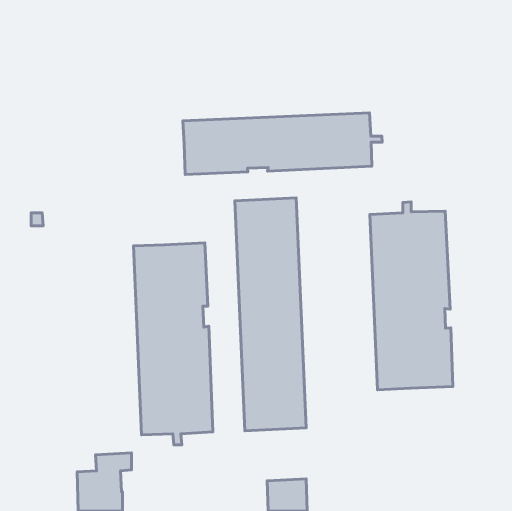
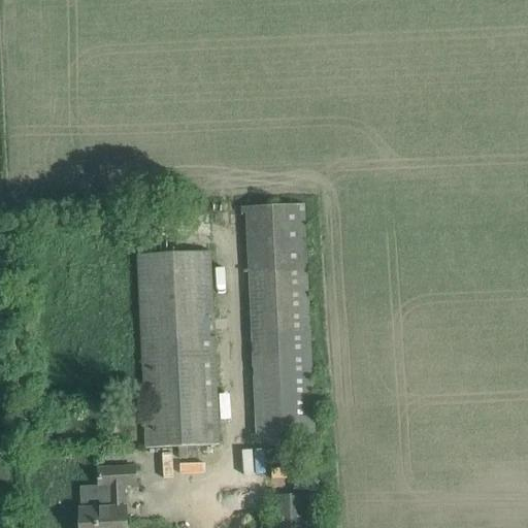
building: [183,113,382,174] -> none
building: [370,202,453,390] -> none

